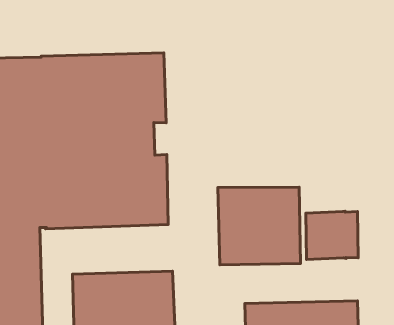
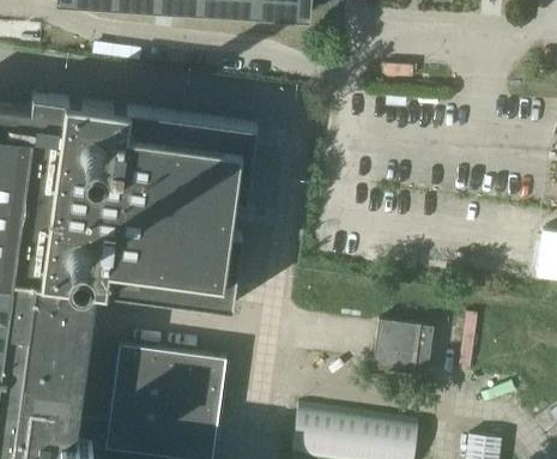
building: [218,187,300,265] -> none

